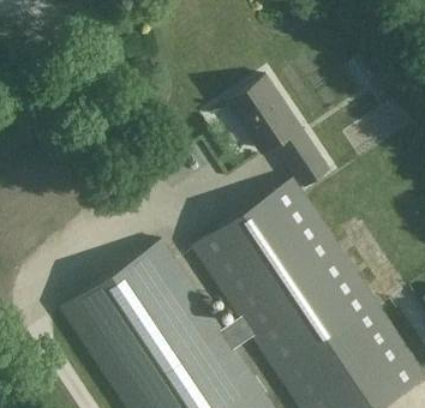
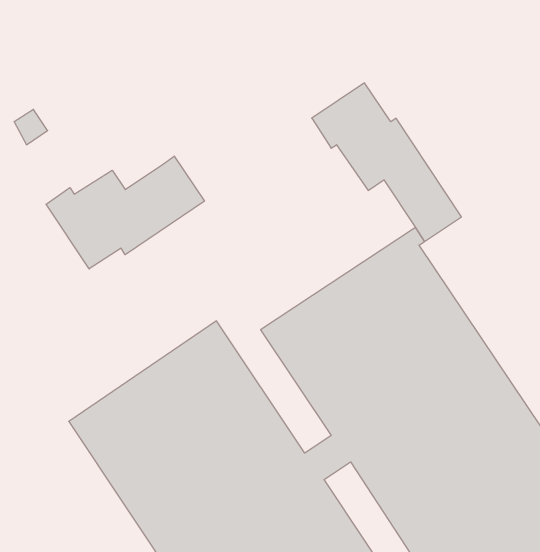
building: none -> [46,156,204,269]

